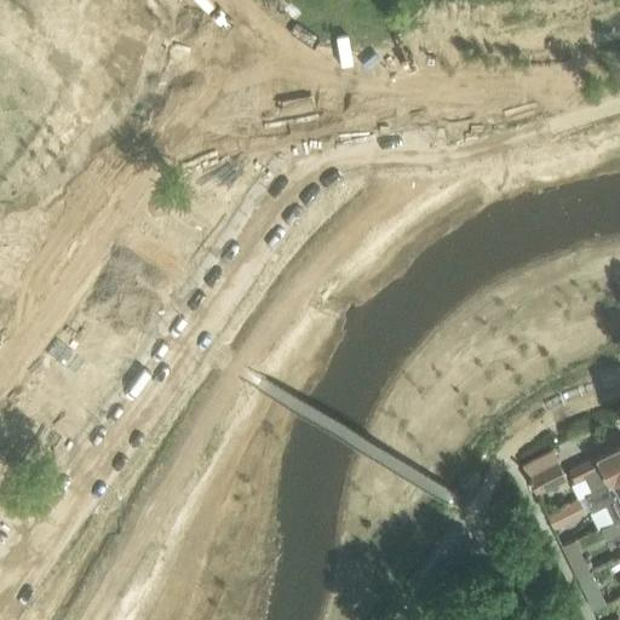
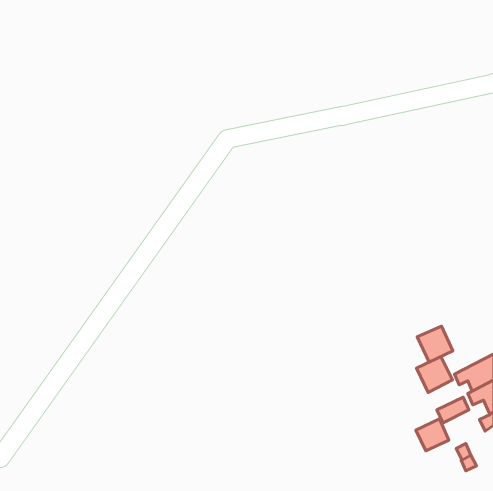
building: none -> [417,326,453,362]
building: none -> [416,419,449,451]

